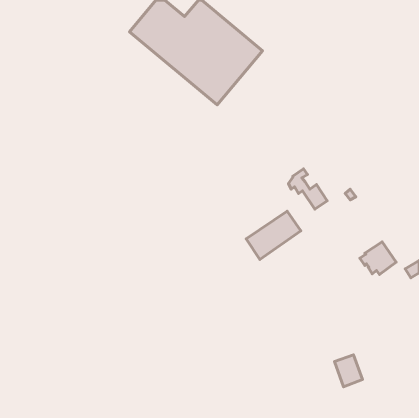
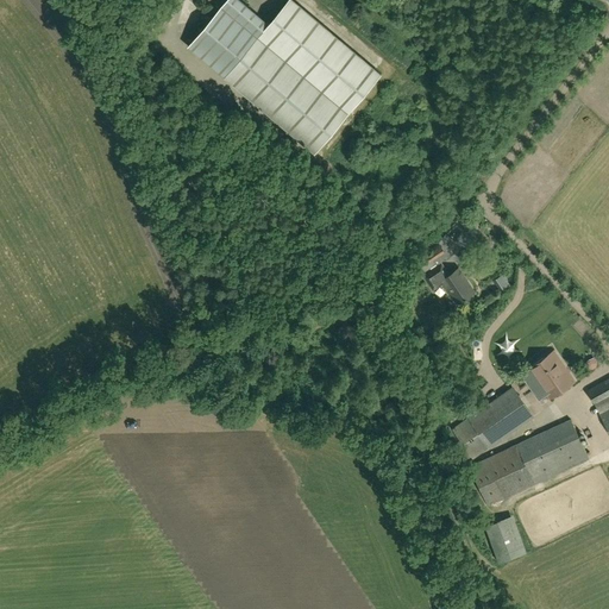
building: [246,211,301,259] -> [452,389,532,459]
building: none -> [470,420,589,506]

